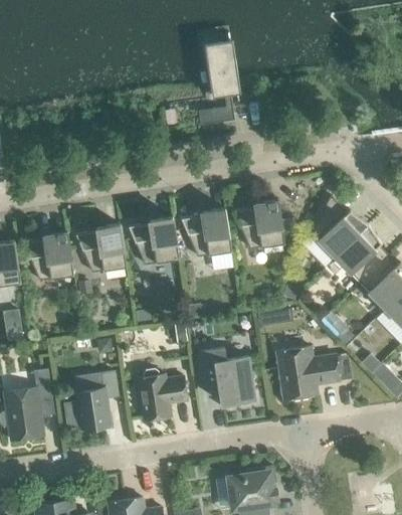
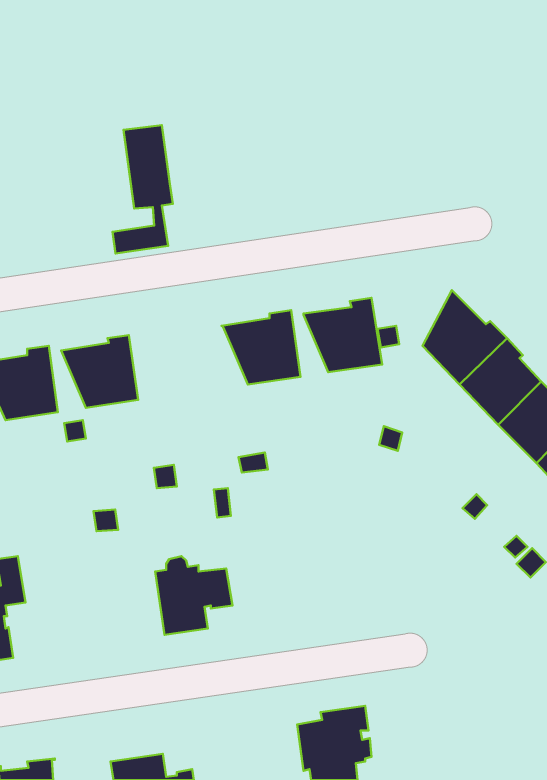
building: [198,41,237,125] -> [113,125,173,253]
building: [128,216,179,265] -> none
building: [276,346,340,399] -> none
building: [199,348,254,408] -> none
building: [76,371,118,428] -> none

